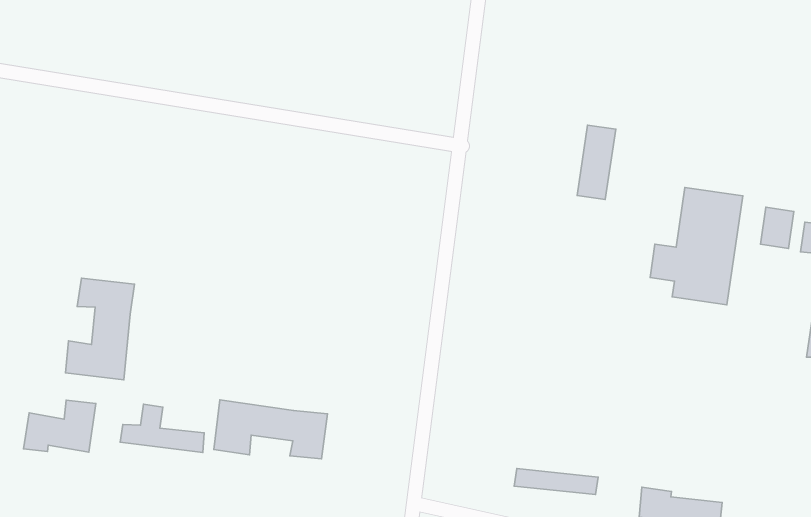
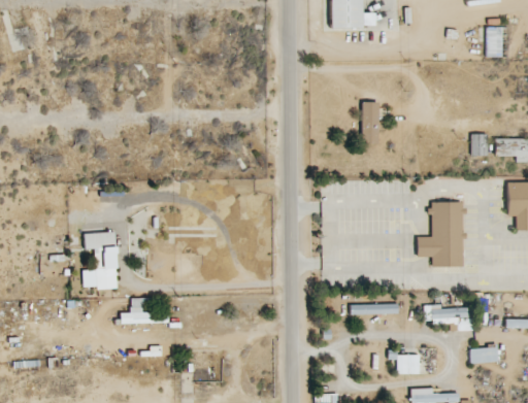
building: [650,187,743,305] -> [418,202,464,266]
building: [214,400,327,459] -> none
building: [24,400,96,452] -> none

